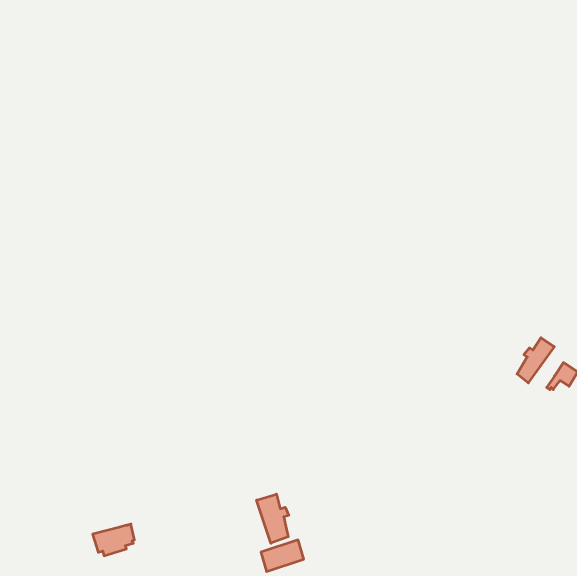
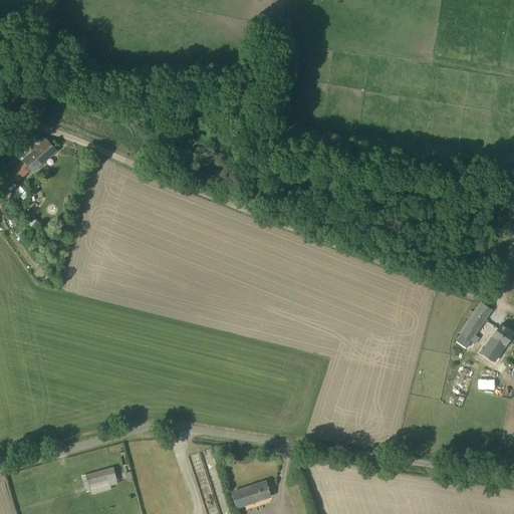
building: none -> [11,138,57,180]
building: [257,494,289,543] -> none

